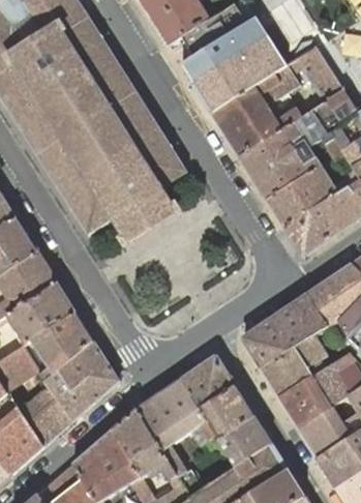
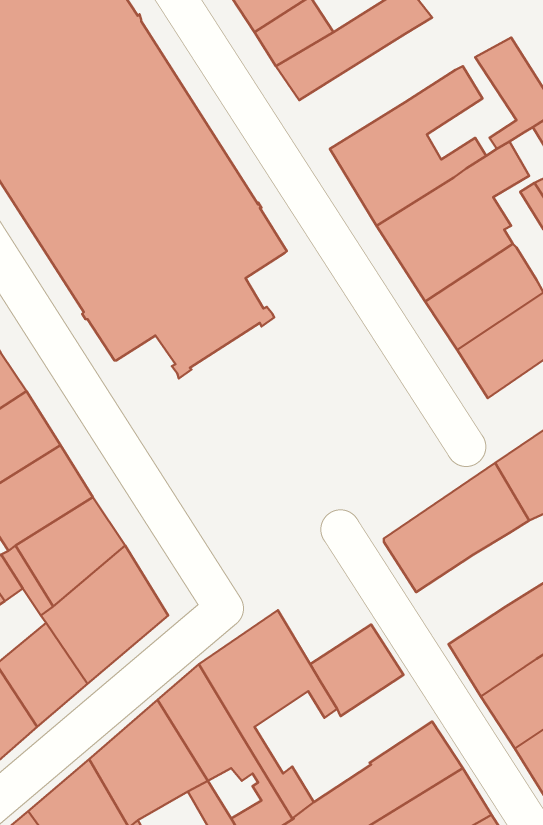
building: [194,36,289,112] -> none
building: [262,333,327,397] -> none
building: [182,356,236,409] -> none
building: [218,415,271,466] -> none

